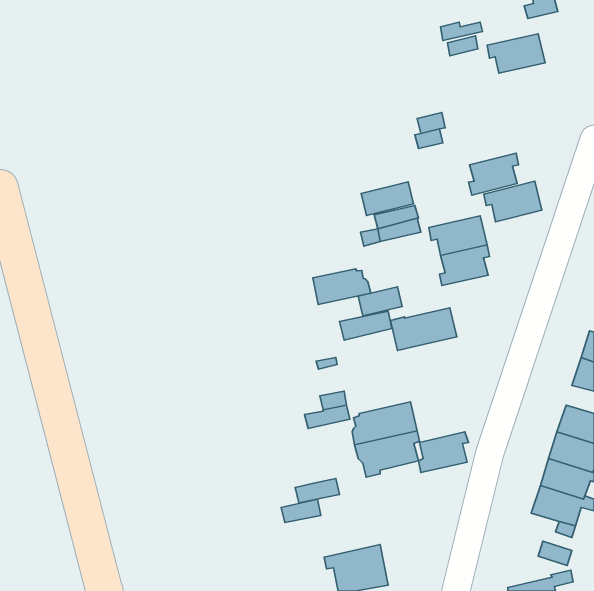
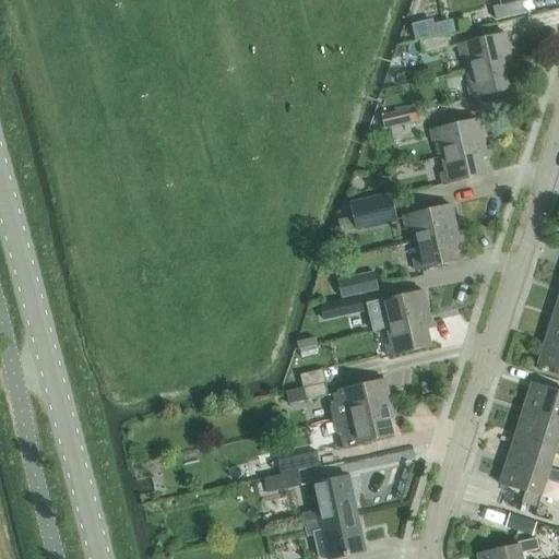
building: none -> [467,59,514,97]
building: [484,181,542,222] -> [430,117,485,155]
building: [361,182,414,216] -> none
building: [313,269,371,304] -> none
building: [418,432,468,473] -> [385,317,432,355]
building: none -> [301,474,357,524]

